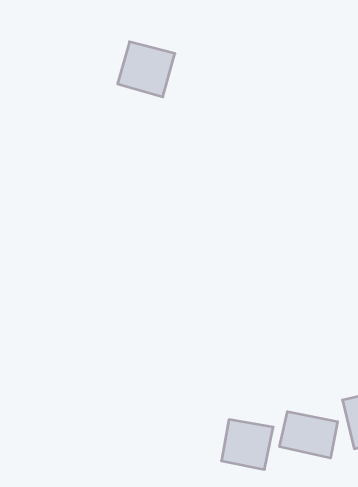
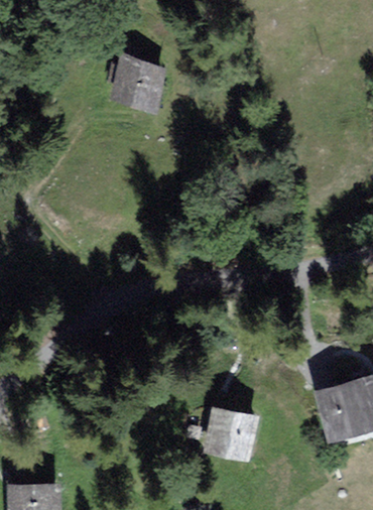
building: [280,412,338,458] -> none

